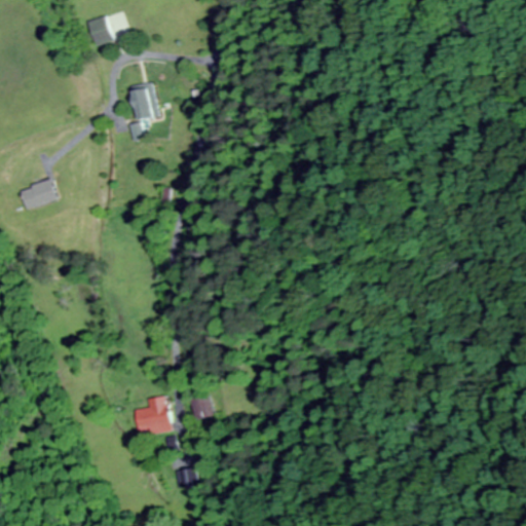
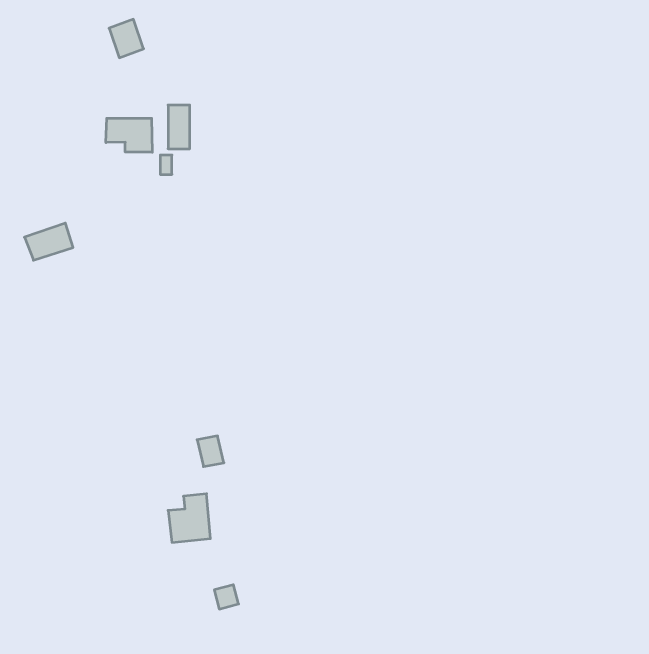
building: none -> [106,118,152,152]
building: [194,396,216,420] -> [197,436,224,467]

